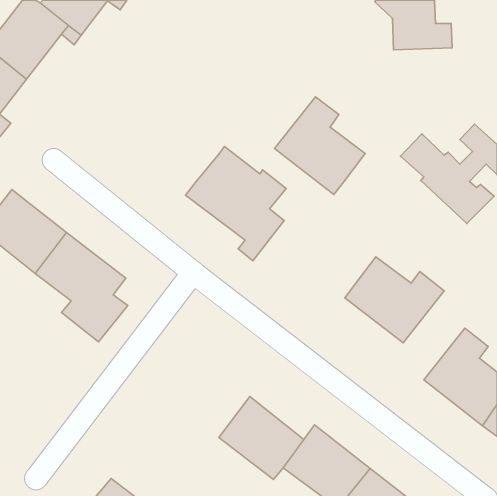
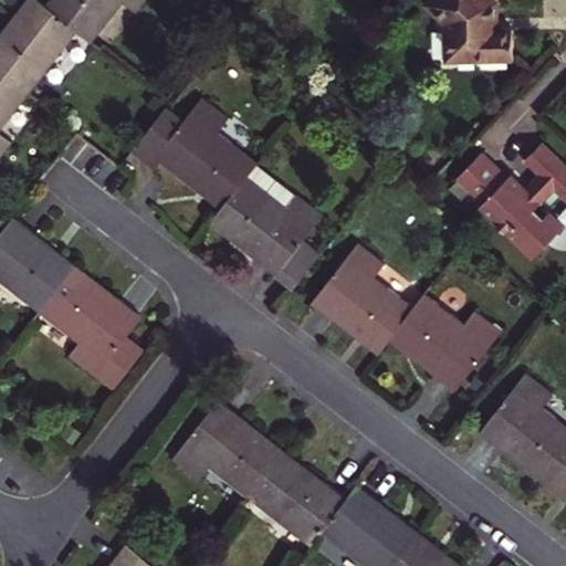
building: none -> [129,99,259,209]
building: [274,97,365,195] -> [312,244,415,355]
building: none -> [171,402,283,499]

